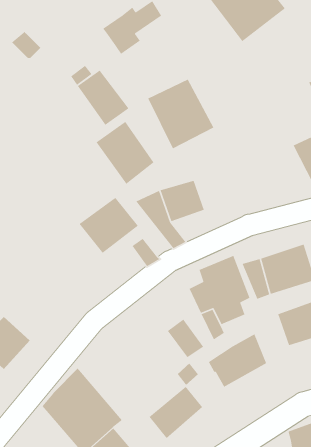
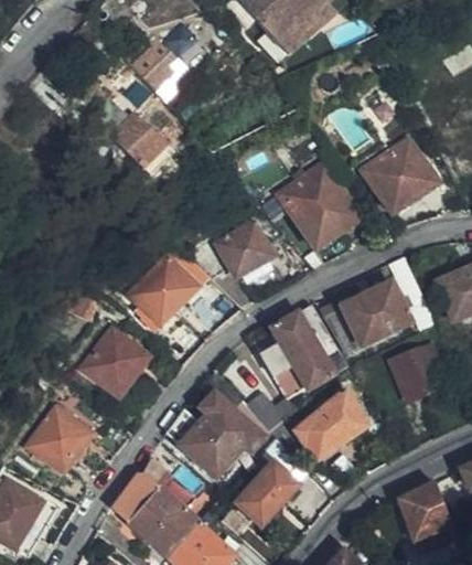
building: [147,78,215,149] -> [277,164,358,248]
building: [95,121,154,185] -> none
building: none -> [83,331,147,395]
building: none -> [165,367,262,476]

